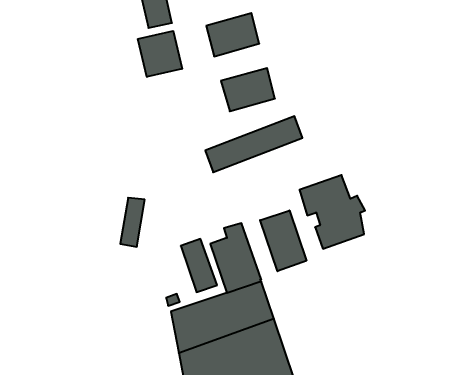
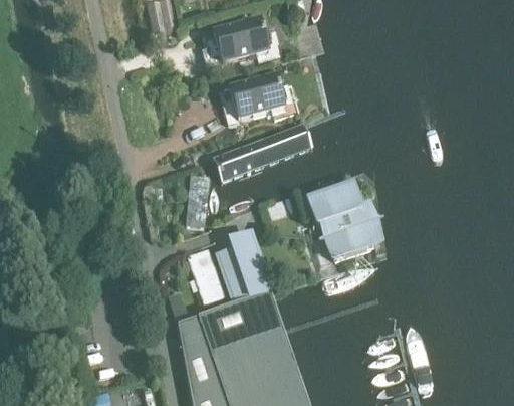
building: [138,31,182,77] -> none
building: [120,198,145,247] -> [187,178,212,228]
building: [260,210,306,271] -> none

